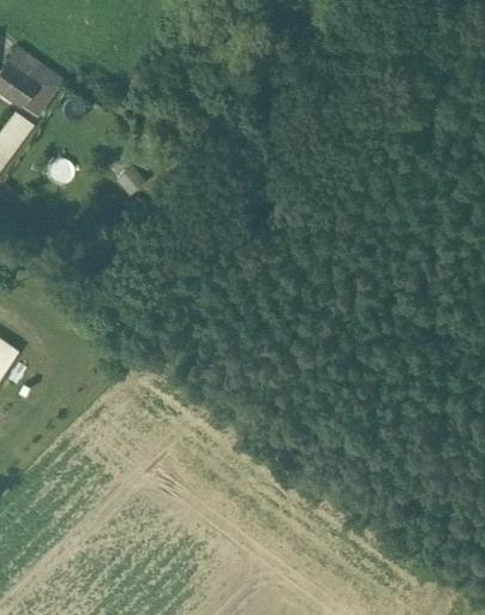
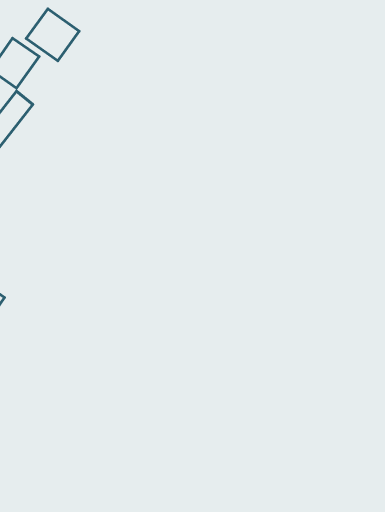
building: none -> [26,9,79,61]

